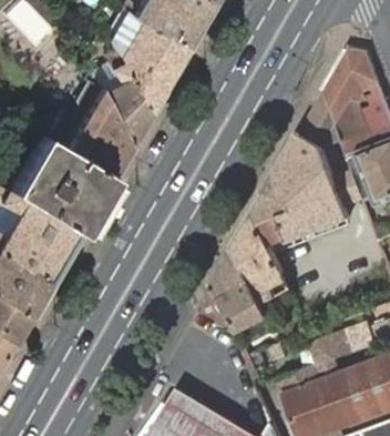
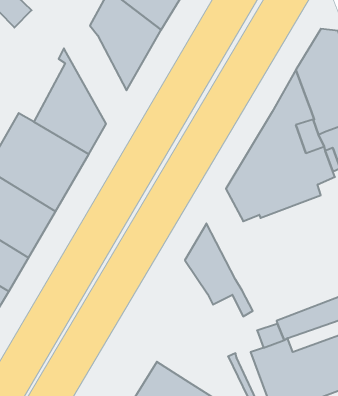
building: [88,57,150,148] -> none
building: [232,214,291,307] -> none

